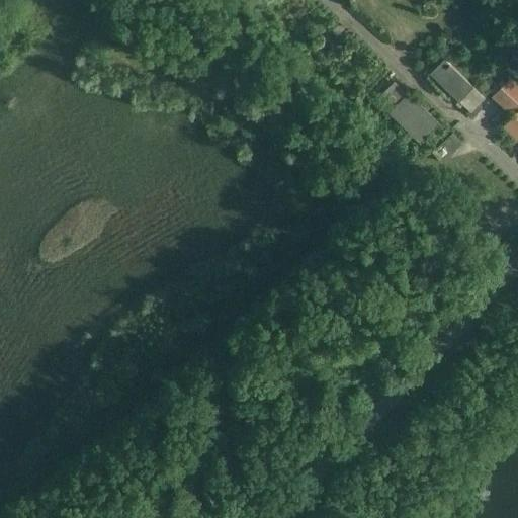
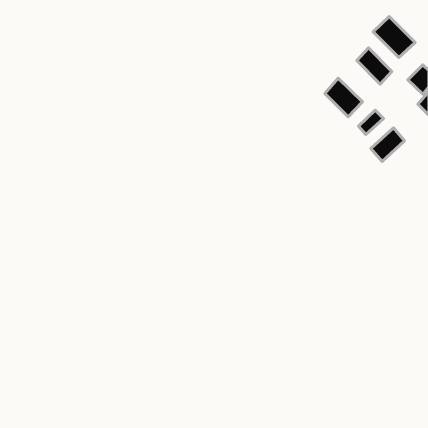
building: none -> [373,16,415,58]
building: none -> [371,128,405,161]

